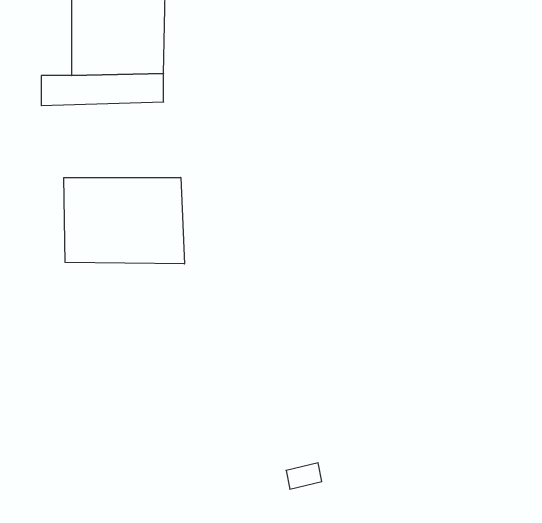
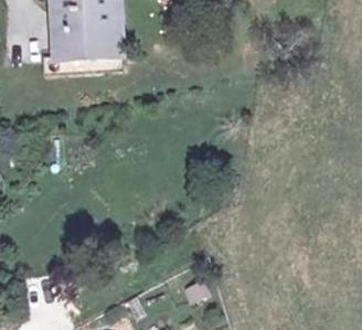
building: [64,177,184,264] -> none

